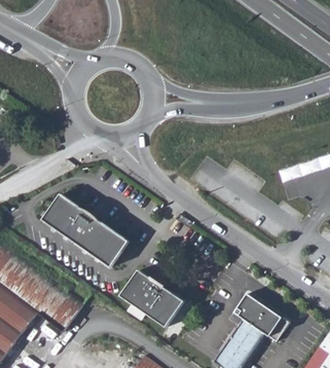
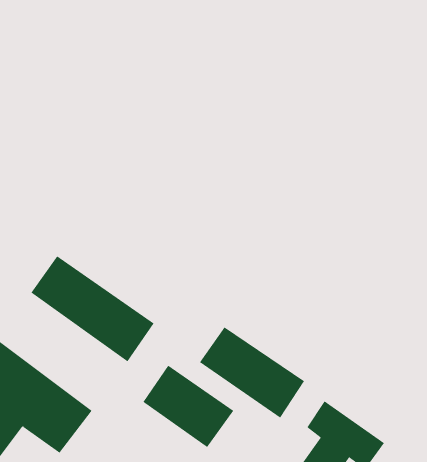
building: none -> [199,327,305,418]

